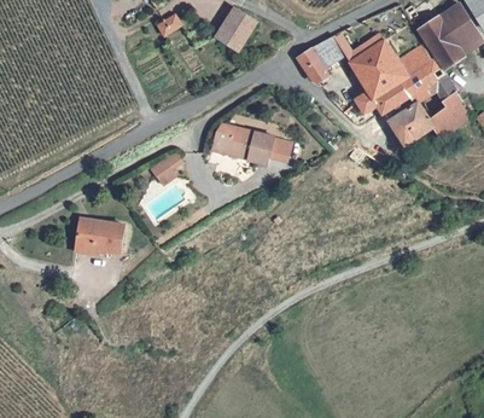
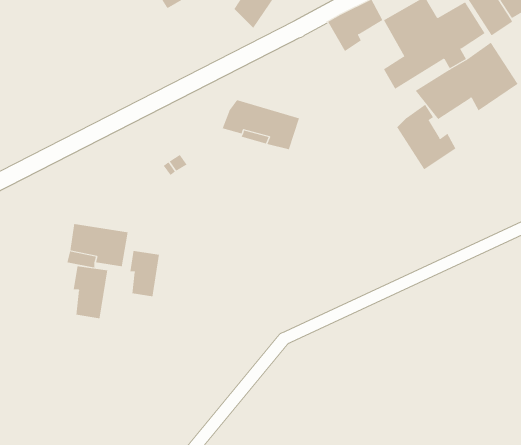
building: none -> [397,104,456,170]
building: none -> [130,250,159,297]
building: none -> [73,265,108,319]

